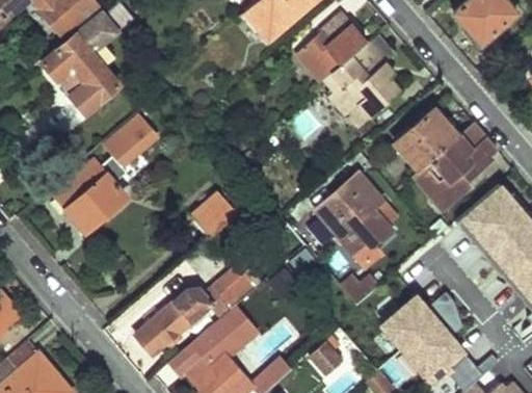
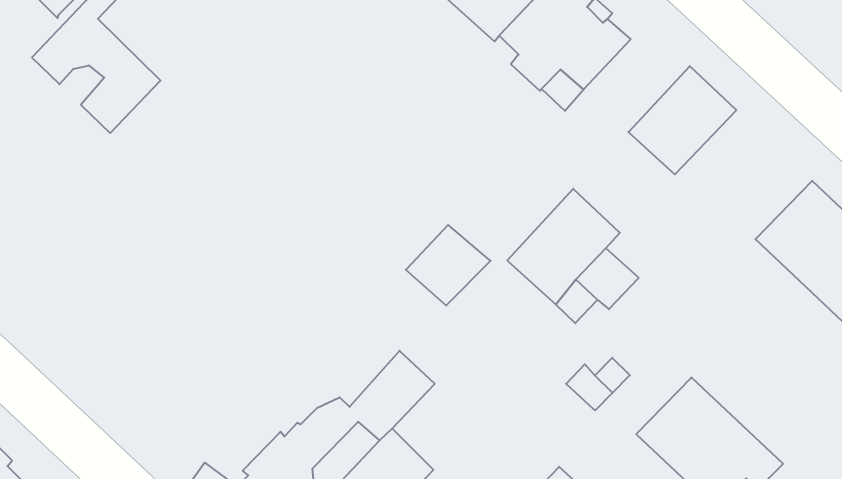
building: [55,116,155,229] -> none
building: [414,124,500,213] -> none
building: [190,192,241,240] -> [406,225,491,306]

